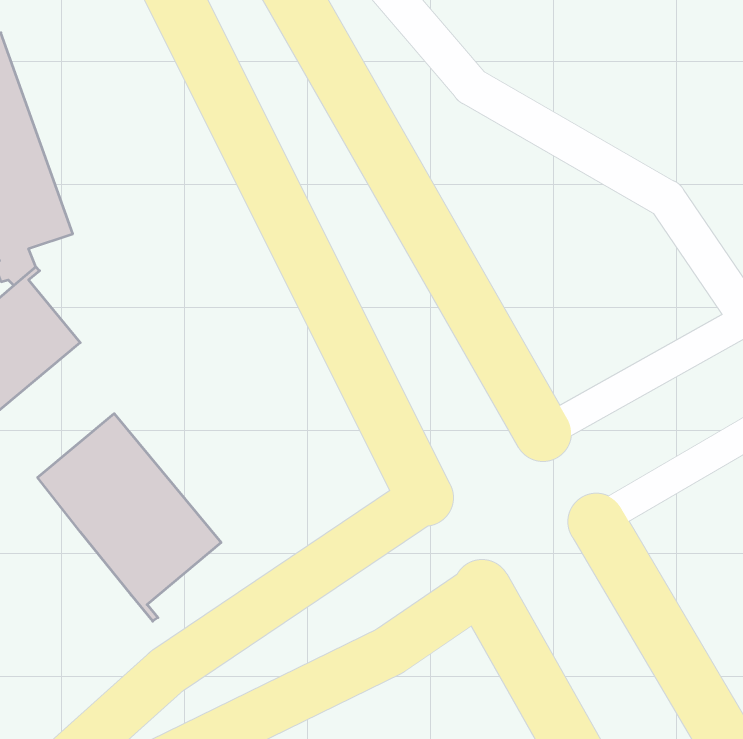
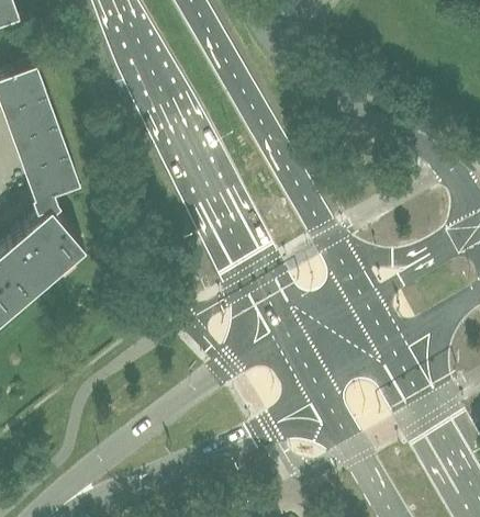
building: [38,414,221,621] -> none

